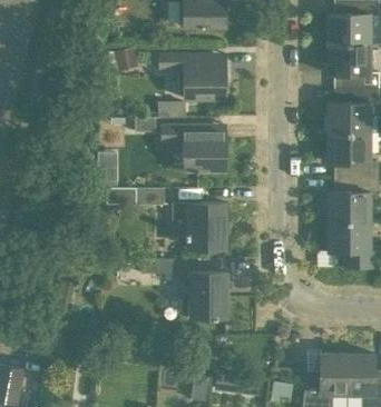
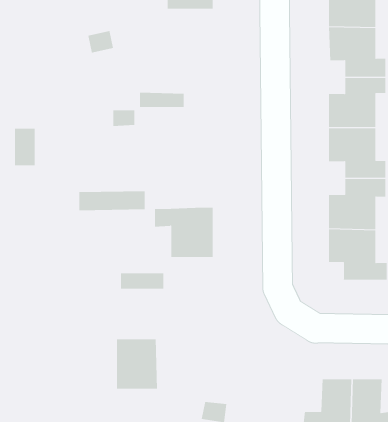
building: [158,53,225,99] -> none
building: [162,126,225,170] -> none
building: [98,152,117,186] -> [14,128,35,166]
building: [189,272,226,317] -> [116,339,158,389]

